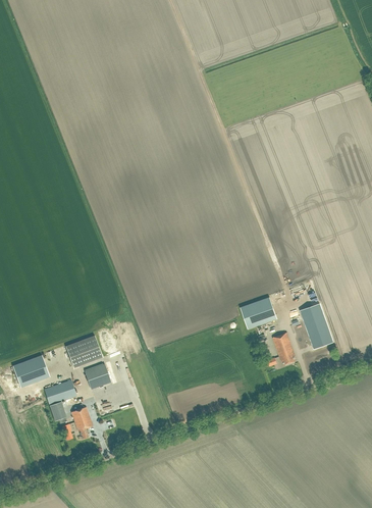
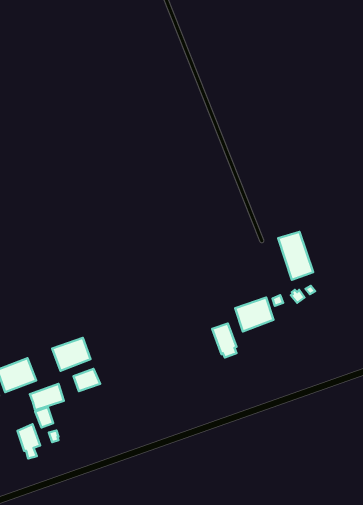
building: [299,304,332,350] -> [278,232,313,280]
building: [271,333,295,365] -> [212,323,237,358]
building: [70,406,92,439] -> [18,424,40,458]

